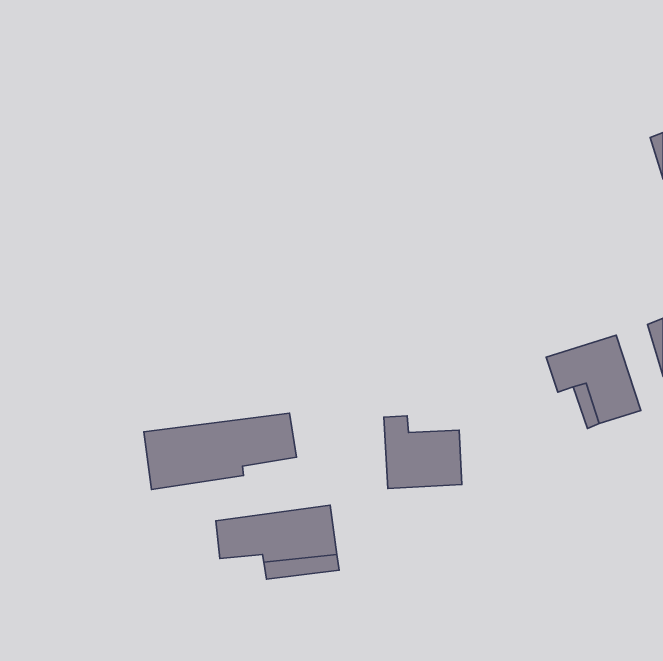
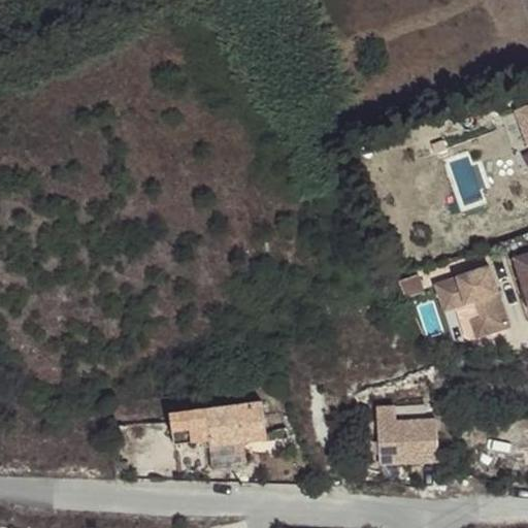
building: [144,413,296,490] -> none
building: [384,416,462,488] -> [375,396,437,454]

